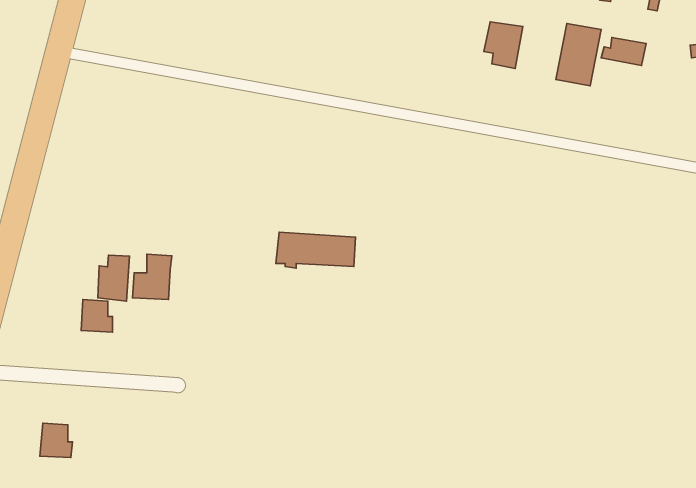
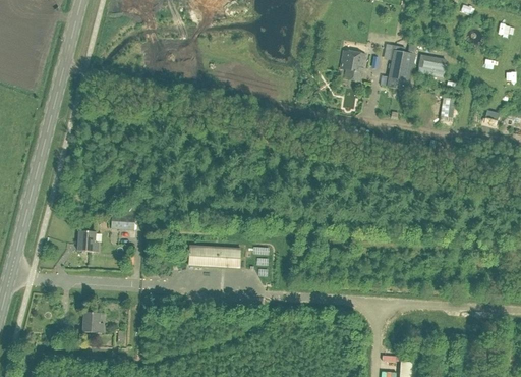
building: [276,232,356,268] -> [187,245,239,268]
building: [98,255,129,301] -> none
building: [40,423,72,458] -> [80,310,102,332]

